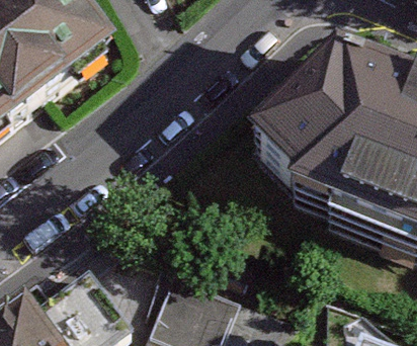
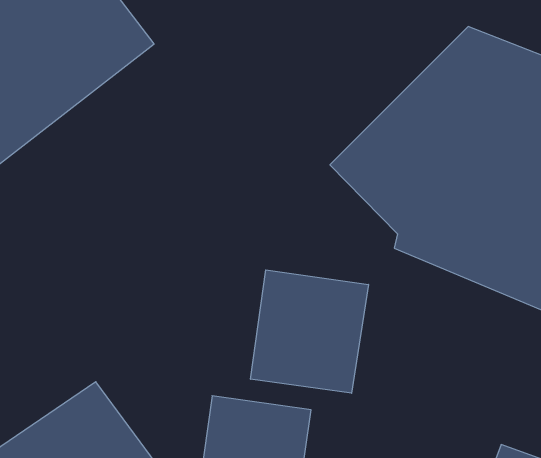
building: none -> [251,270,368,393]

